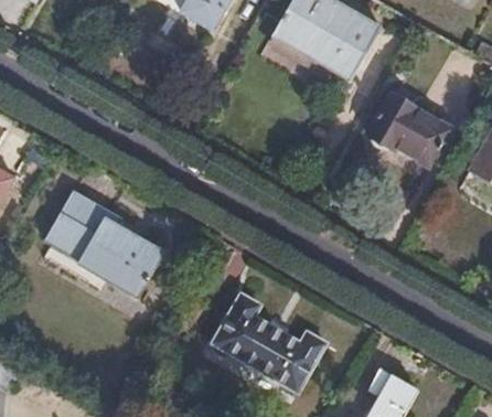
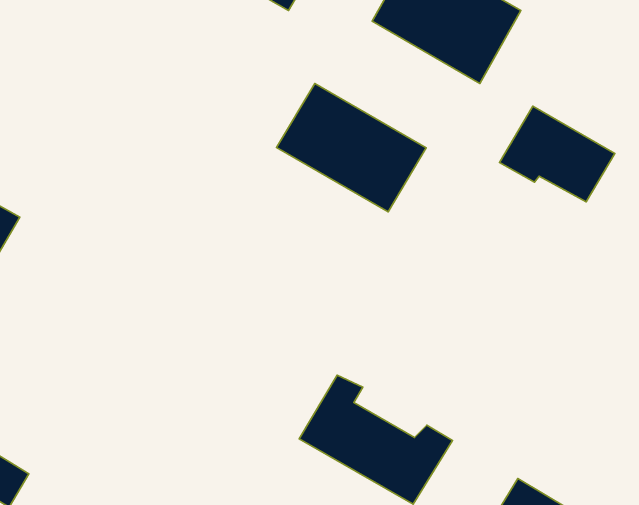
building: none -> [277,83,426,212]
building: [40,191,160,300] -> none

